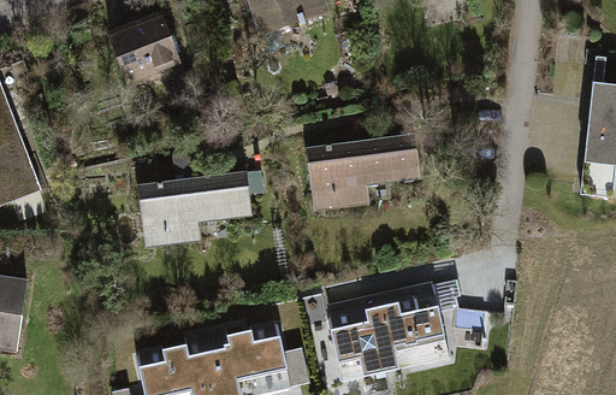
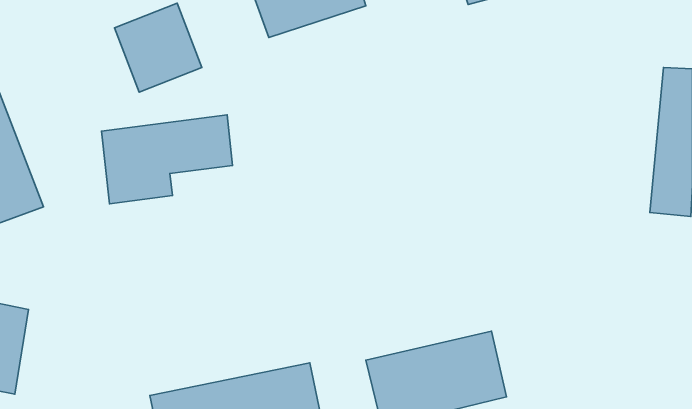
building: [301,128,419,207] -> none
building: [134,172,249,250] -> [101,115,233,204]

